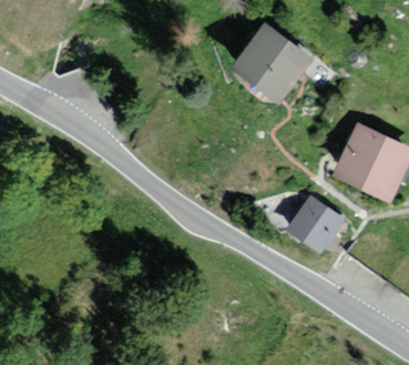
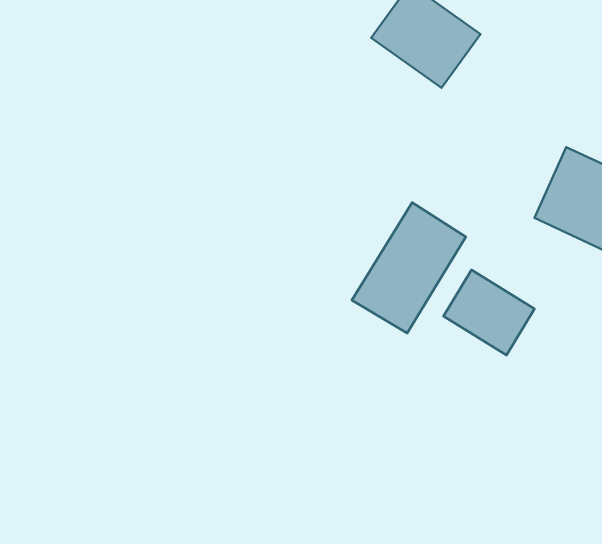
building: none -> [352,203,466,333]

